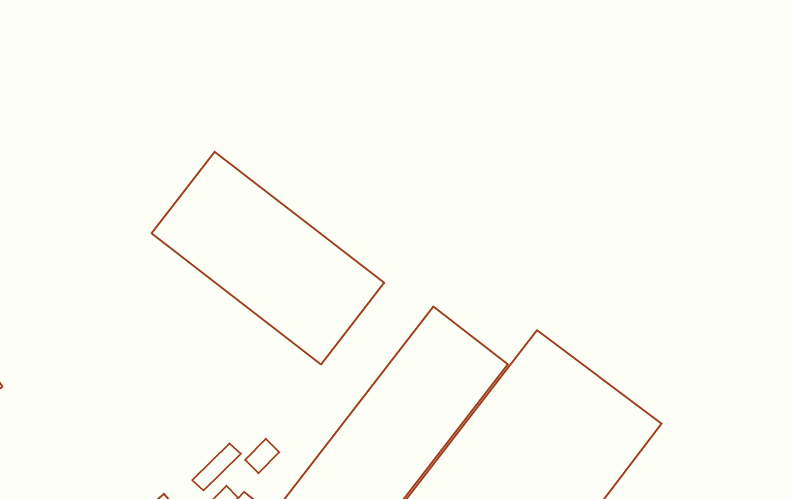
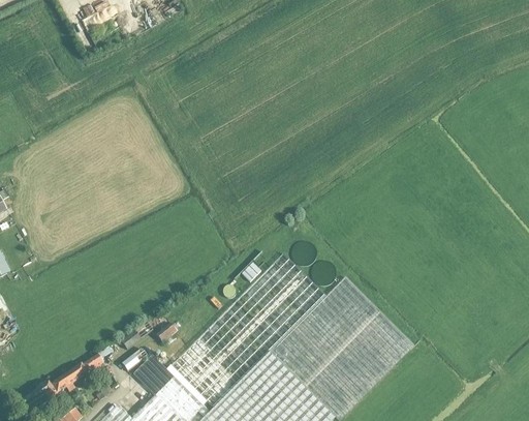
building: [152,152,384,364] -> none

